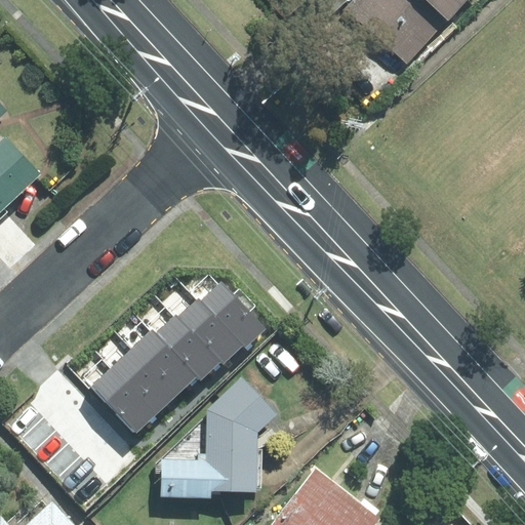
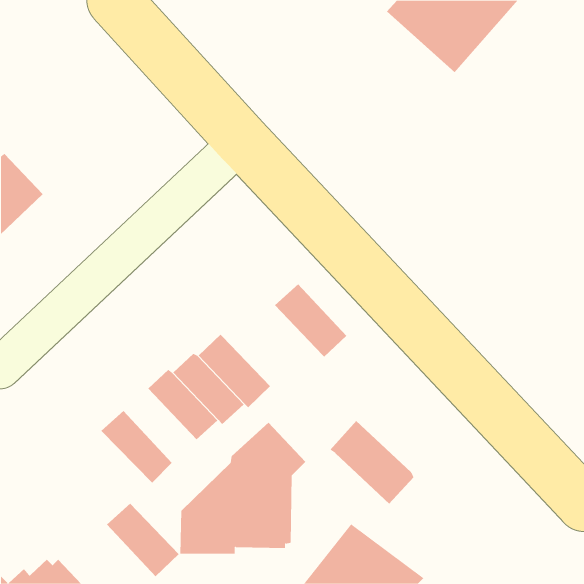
building: [200,282,266,349] -> [274,283,347,358]
building: [111,349,176,415] -> [106,503,179,577]
building: none -> [330,420,414,505]

